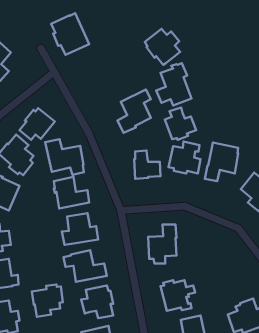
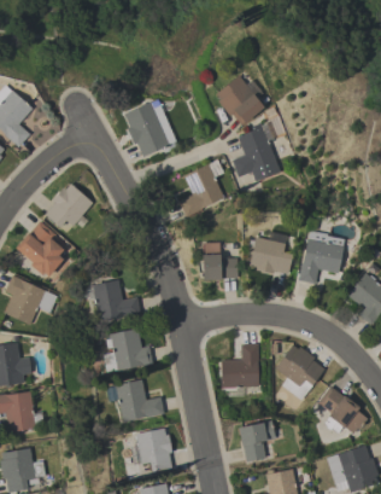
building: [51,13,89,55] -> [124,99,176,156]
building: [165,108,196,140] -> none
building: [45,139,84,175] -> none
building: none -> [275,344,324,399]
building: none -> [317,385,367,432]
building: [32,285,63,317] -> none

